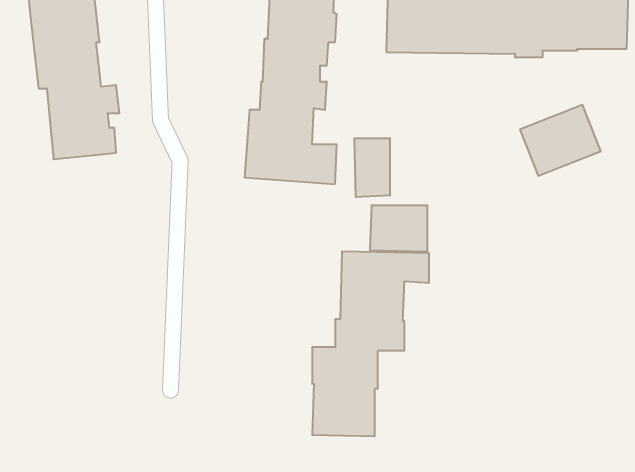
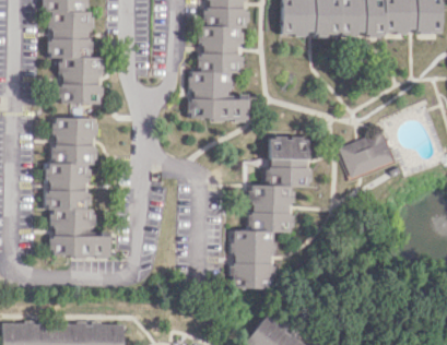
building: [520,105,601,176] -> [339,131,392,178]
building: [355,138,390,197] -> none
building: none -> [48,118,109,257]

